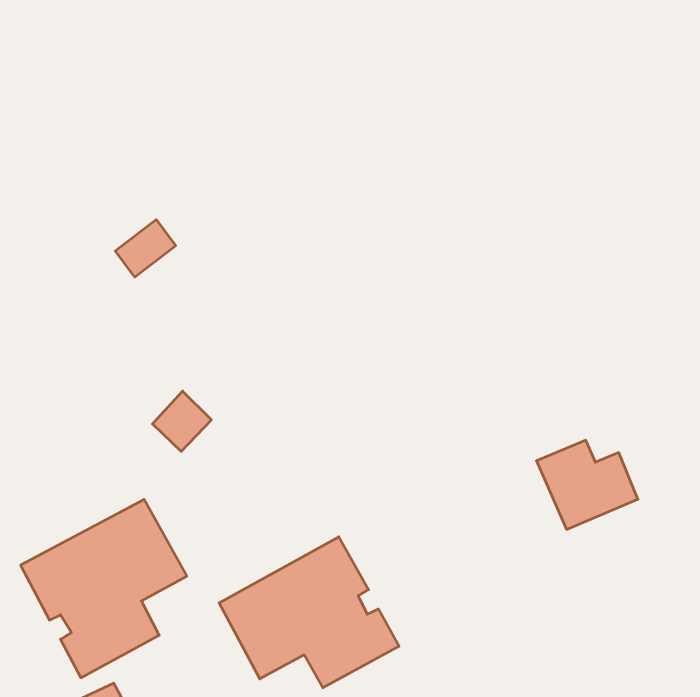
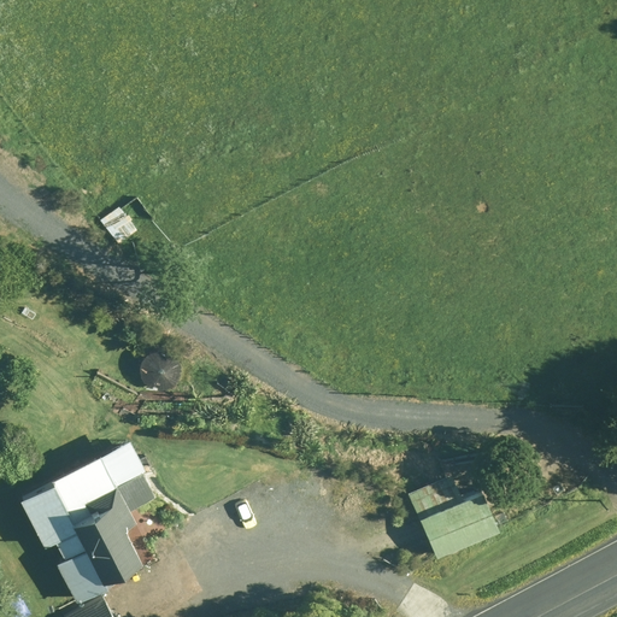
building: [536,440,638,529] -> [410,480,499,558]
building: [219,537,399,688] -> none

